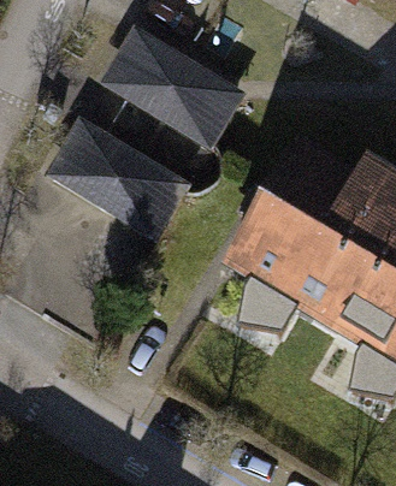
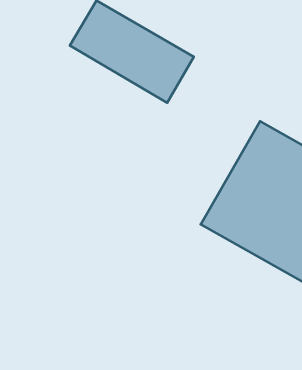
building: [43,123,189,242] -> none

